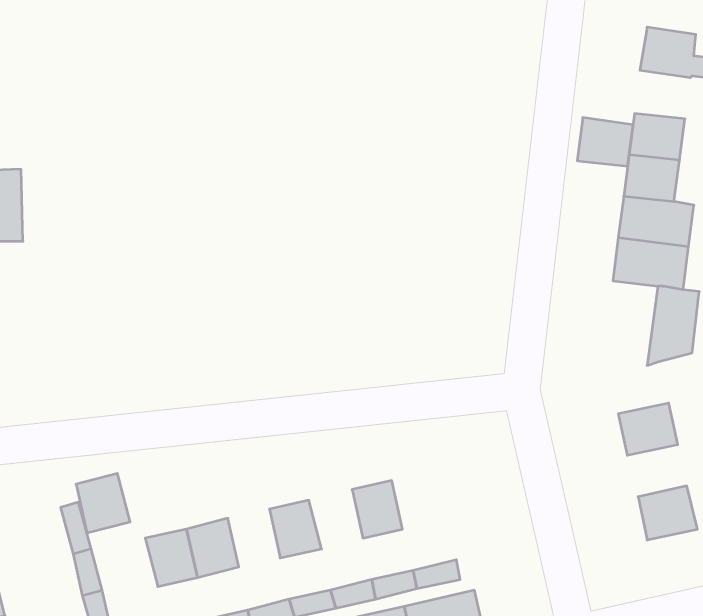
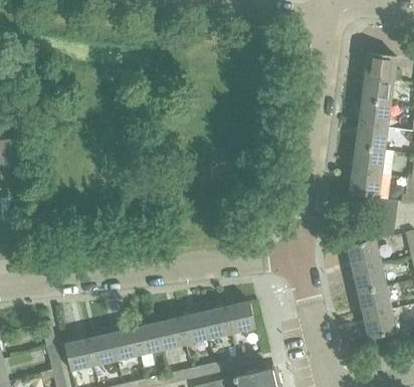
building: [577,118,633,166] -> [361,77,392,105]
building: none -> [347,240,380,269]
building: none -> [357,286,390,316]
building: none -> [225,302,254,334]
building: [76,473,130,533] -> [64,339,94,372]
building: none -> [179,312,209,345]
building: none -> [134,323,163,355]

